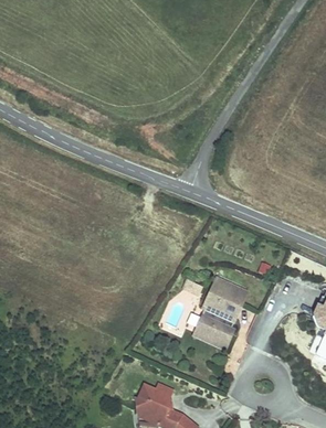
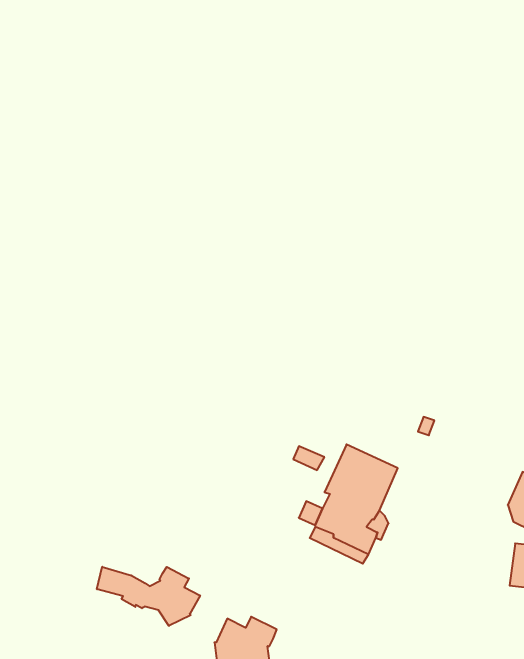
building: none -> [97,567,200,626]

